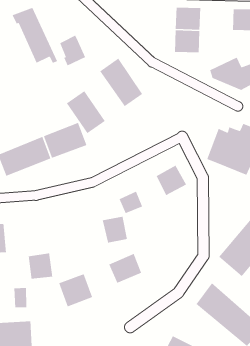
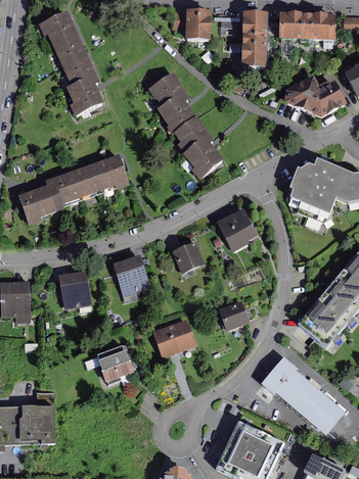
building: none -> [184,8,217,36]
building: none -> [282,11,313,40]
building: [59,35,86,67] -> [62,74,96,113]
building: [66,90,106,134] -> [177,119,227,175]
building: [102,216,128,244] -> [111,258,144,293]
building: none -> [222,300,252,331]
building: [28,253,53,280] -> [56,273,88,306]
building: [14,287,27,308] -> none

